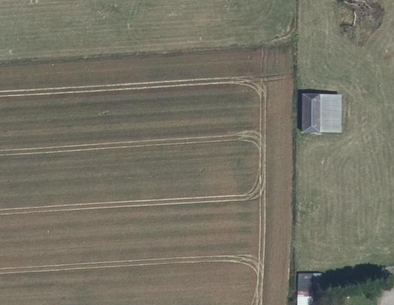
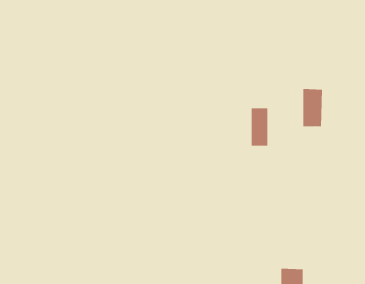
building: [302,94,319,132] -> [251,108,268,146]

